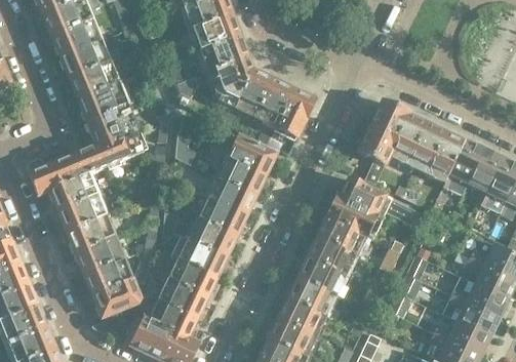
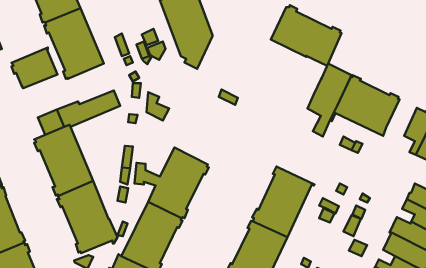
building: [234,68,314,136] -> [271,5,341,66]
building: [87,100,140,147] -> [12,47,58,88]
building: [208,132,276,215] -> none
building: [443,139,483,195] -> none
building: [28,158,62,193] -> none
building: [326,177,420,238] -> none

